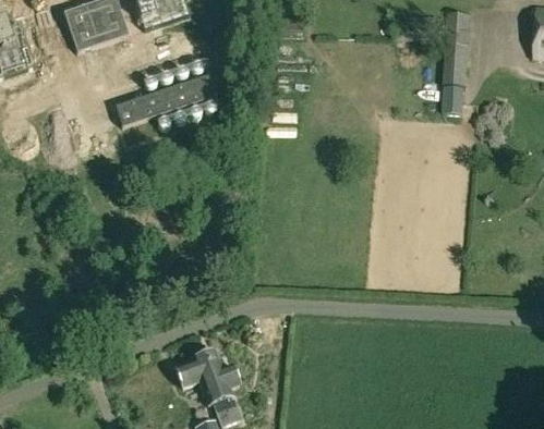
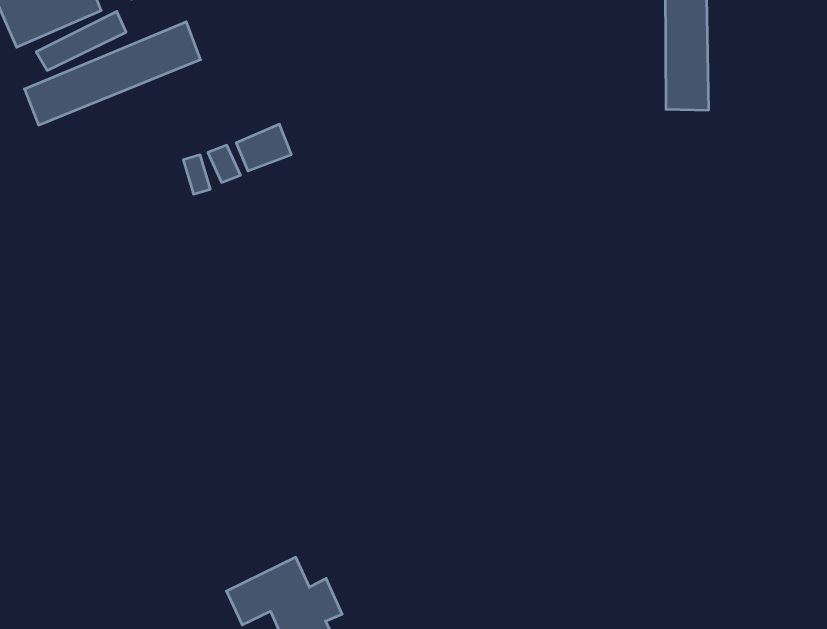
building: [116,74,216,126] -> [24,22,201,125]

